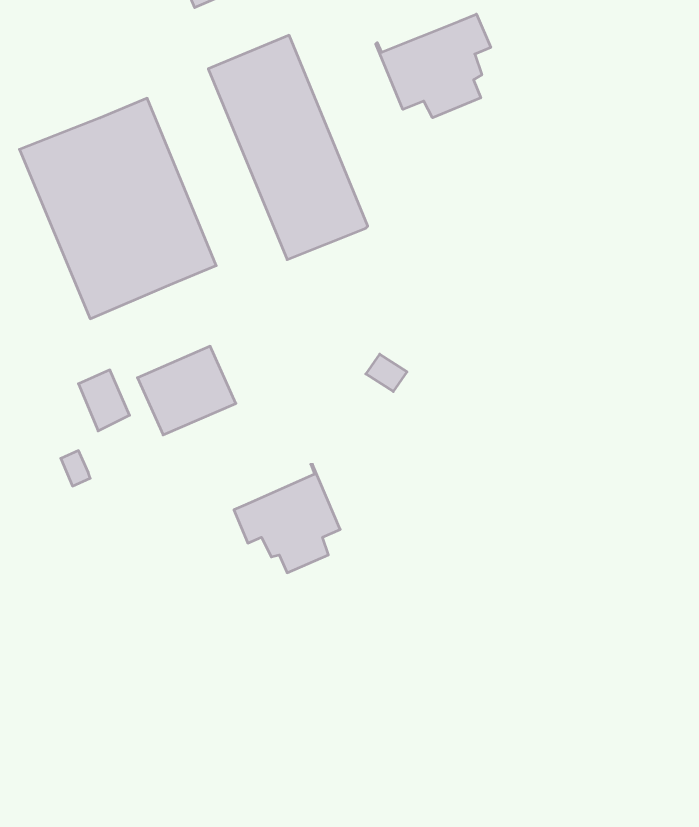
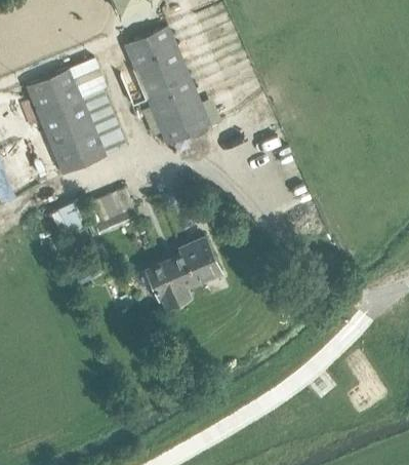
building: [376,14,491,118] -> none
building: none -> [179,239,219,284]

